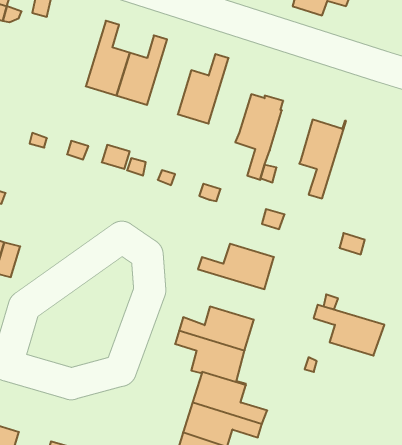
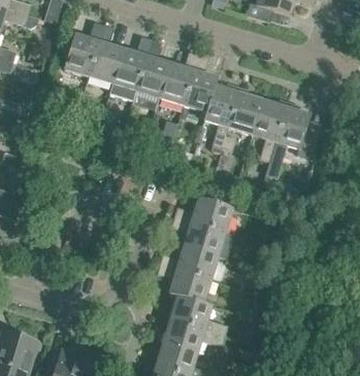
building: none -> [64,23,103,76]
building: none -> [135,40,169,98]
building: none -> [183,55,217,112]
building: none -> [230,95,263,134]
building: none -> [270,103,317,166]
building: [314,305,384,356] -> [171,217,226,257]

